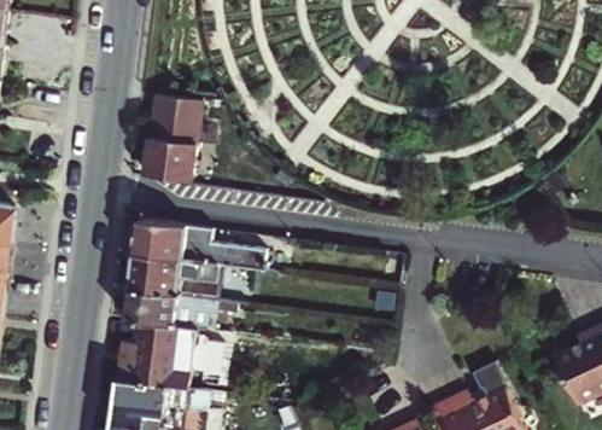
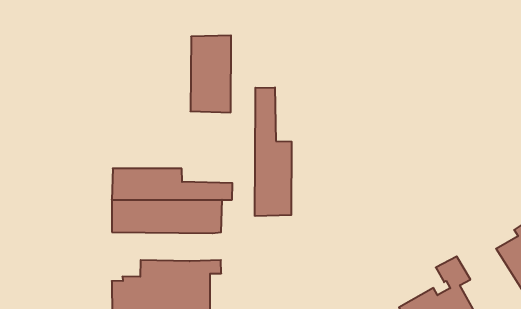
building: [146,98,199,185] -> [190,35,231,112]
building: none -> [255,87,292,216]
building: [127,290,239,331] -> none

